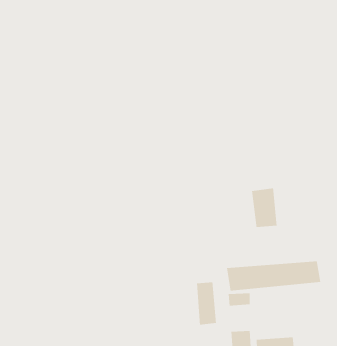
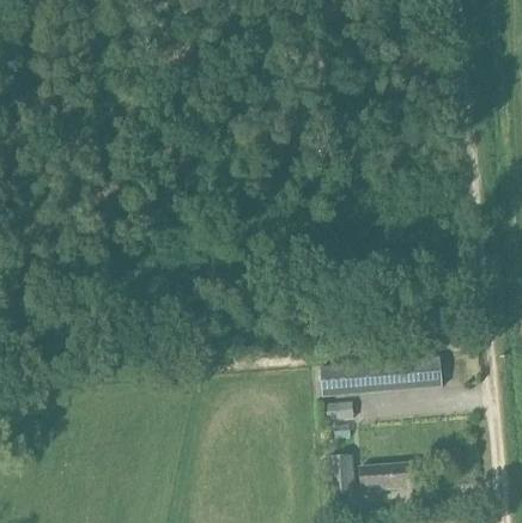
building: [252,187,277,228] -> none
building: [196,282,217,326] -> none

